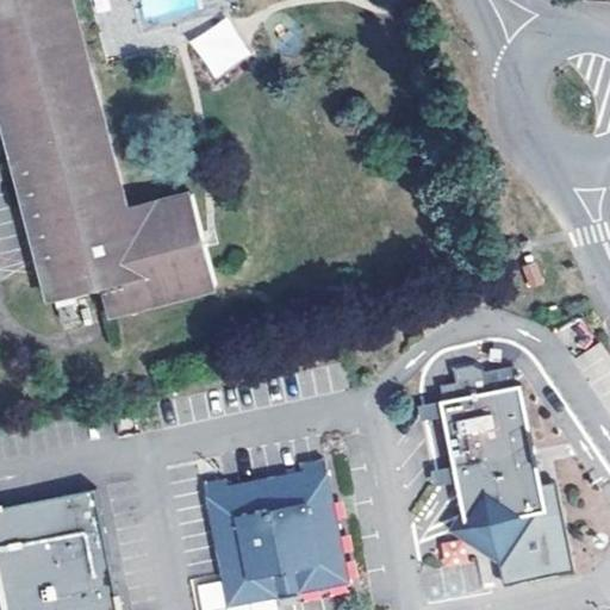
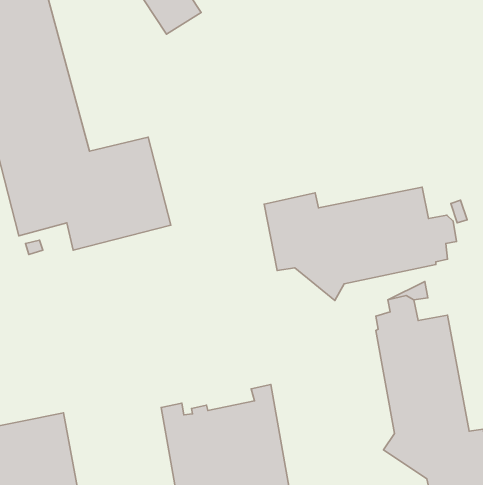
building: none -> [264,187,456,301]

